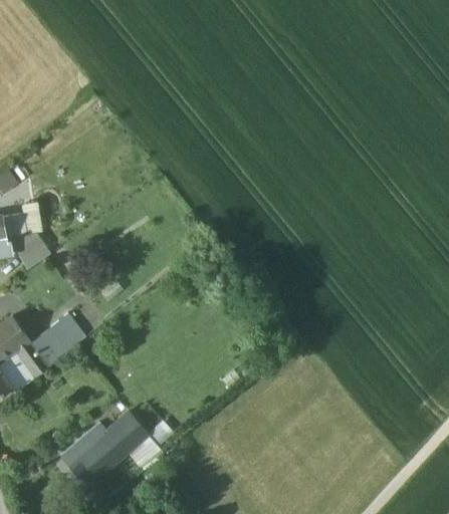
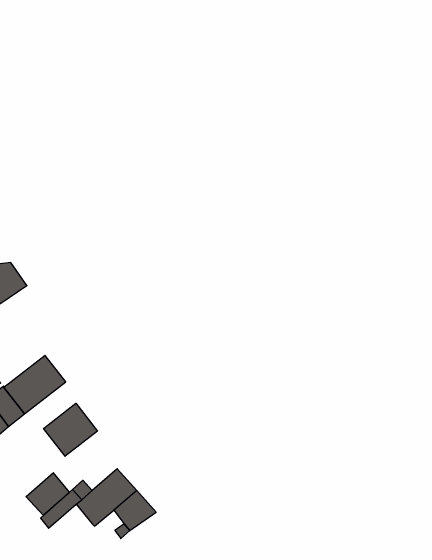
building: none -> [44,403,97,456]
building: [68,445,106,482] -> [26,473,69,515]

